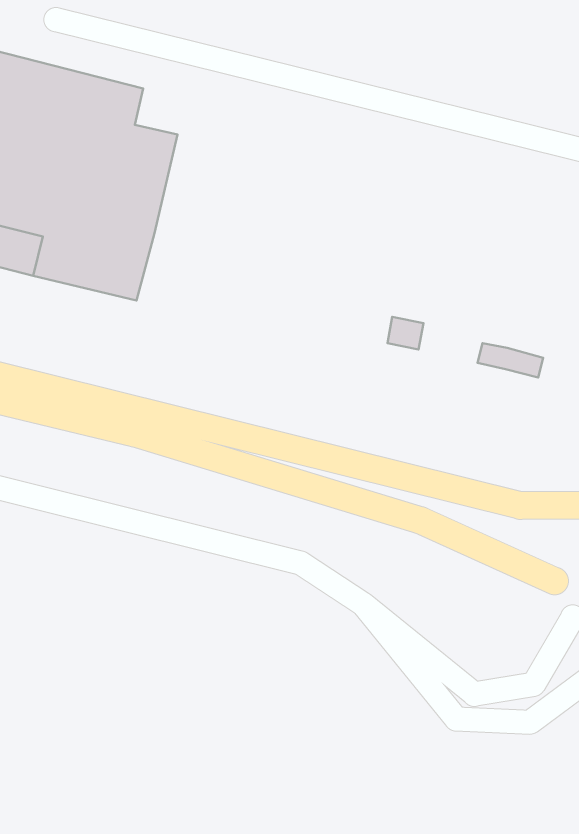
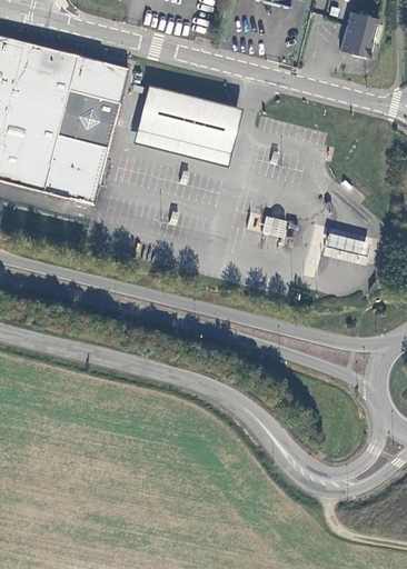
building: none -> [340,11,379,56]
building: none -> [92,60,128,91]
building: none -> [132,83,241,166]

